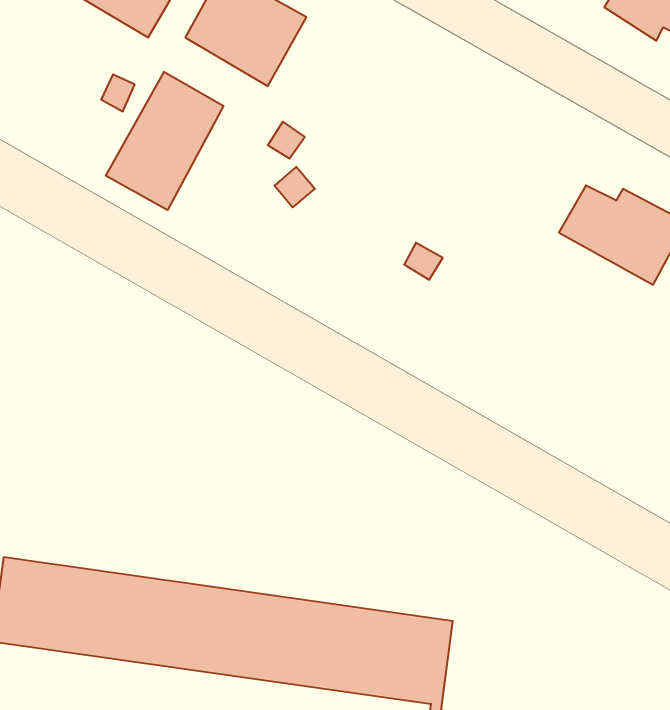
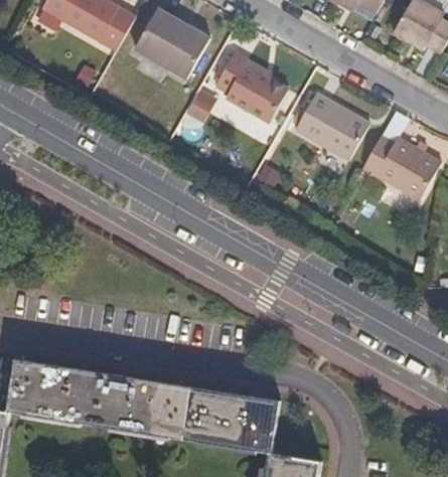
building: none -> [213,52,287,124]
building: [106,72,223,210] -> none
building: none -> [295,94,371,161]

